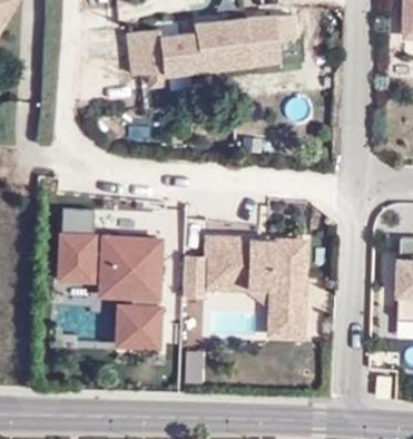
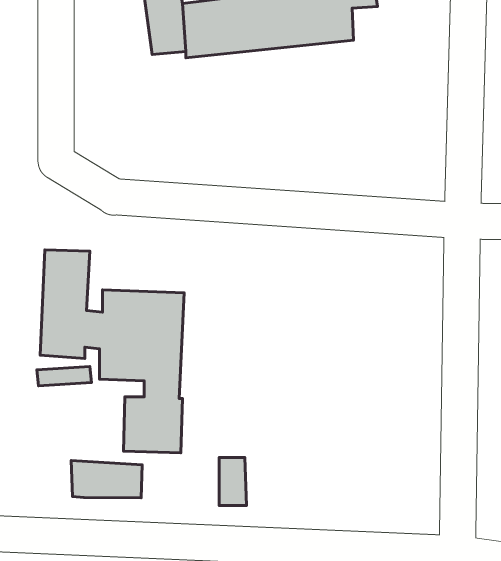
building: [179,238,302,336] -> none
building: none -> [71,460,142,498]

